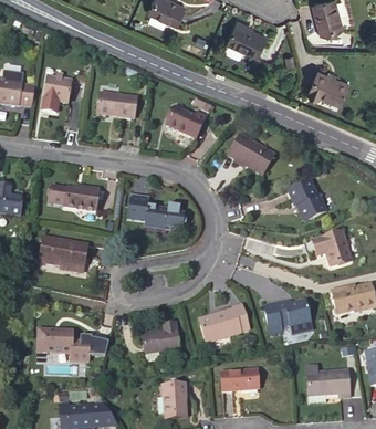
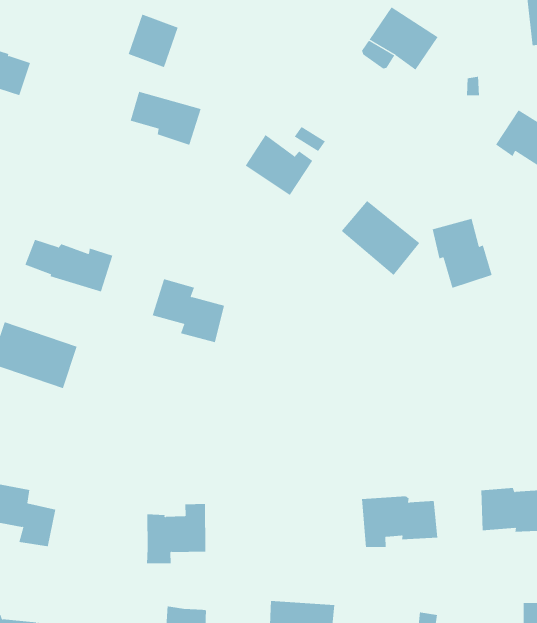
building: [44,74,71,103] -> [128,14,178,68]
building: [288,179,326,221] -> [432,218,492,288]
building: [311,230,351,265] -> none
building: [199,303,249,343] -> none

